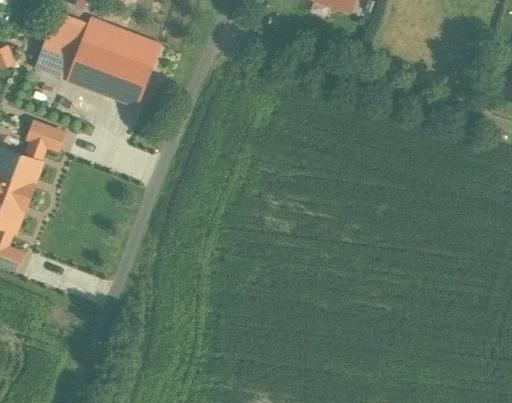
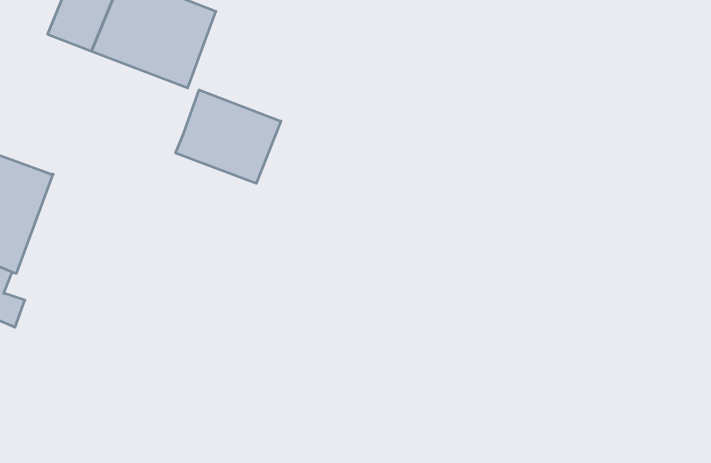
building: none -> [176,90,281,183]
building: [25,122,66,162] -> none

